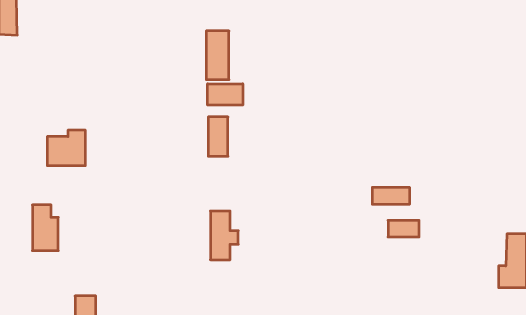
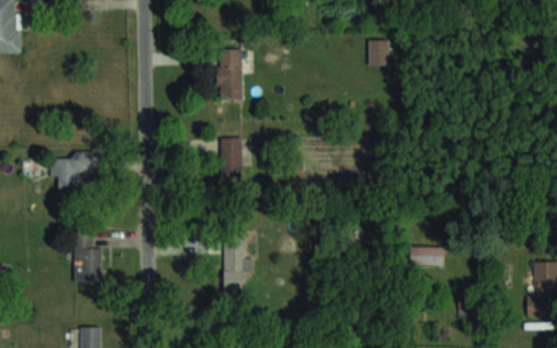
building: none -> [369,41,388,65]
building: [208,84,243,105] -> none
building: [372,187,409,204] -> none
building: [32,205,58,251] -> [74,235,101,283]

